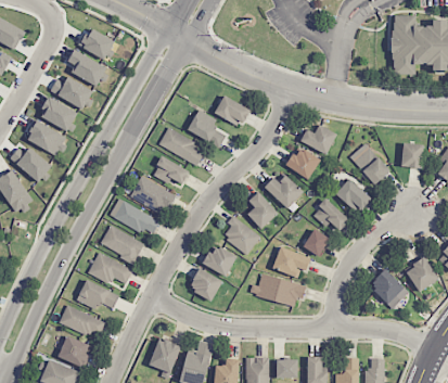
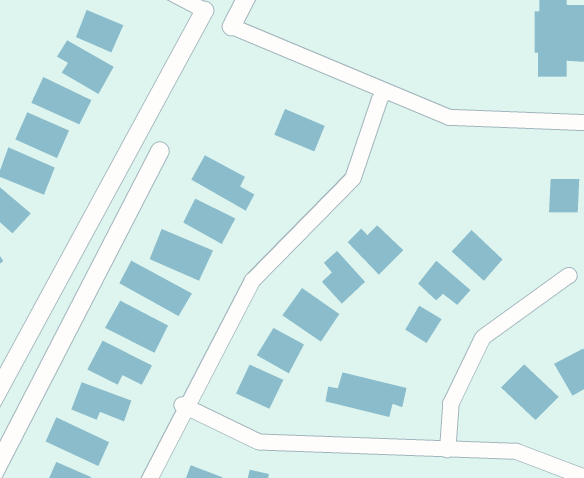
building: [188,111,226,145] -> none
building: [300,125,336,154] -> none
building: [350,143,389,184] -> none
building: [286,146,320,179] -> none
building: [272,246,310,278] -> none

